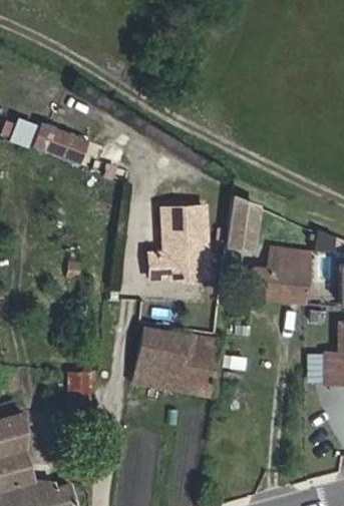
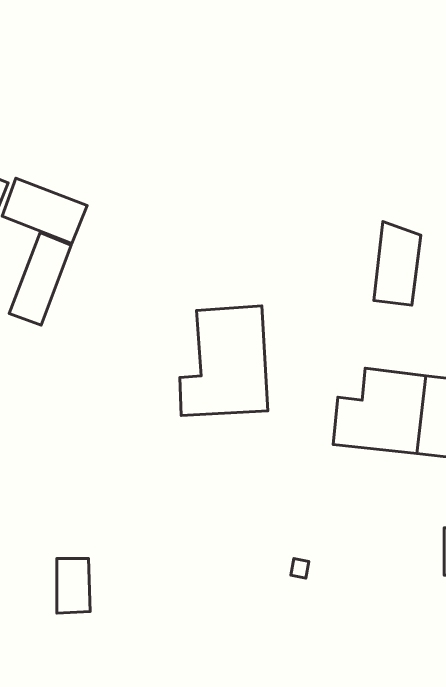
building: none -> [9,232,71,325]
building: [228,194,259,249] -> [374,221,421,305]
building: [135,326,222,395] -> none

